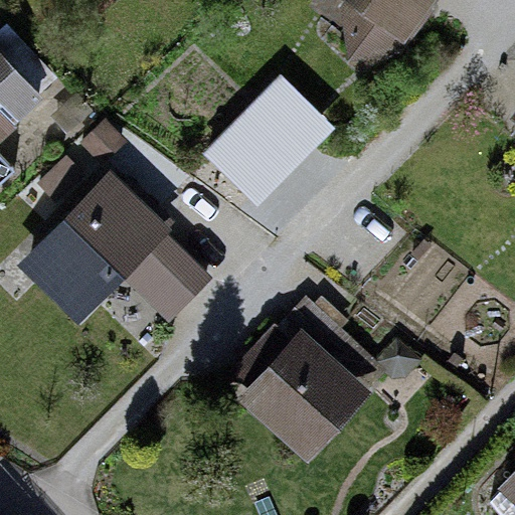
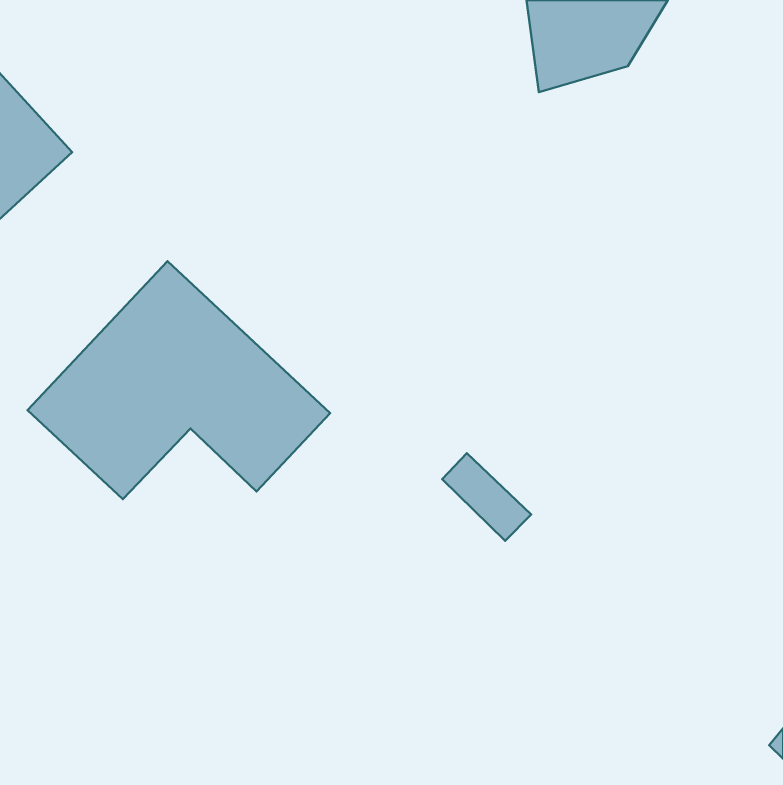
building: [226,76,315,165] -> none
building: [228,327,345,444] -> none

